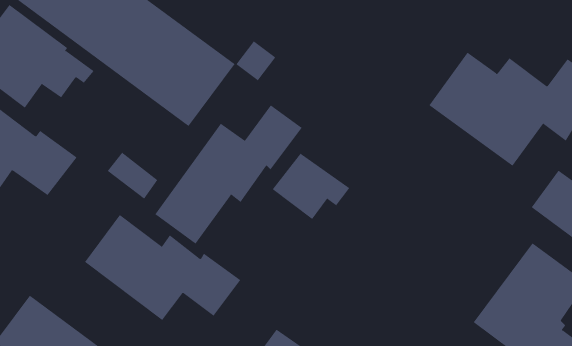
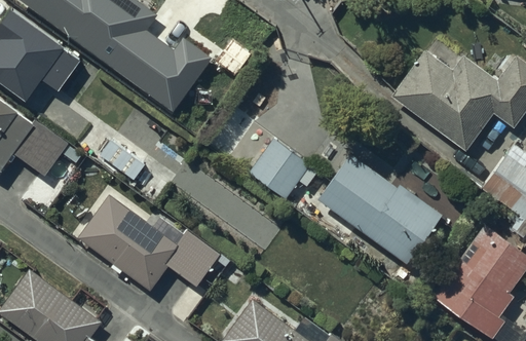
building: [154,104,303,245] -> none
building: none -> [316,153,442,264]

